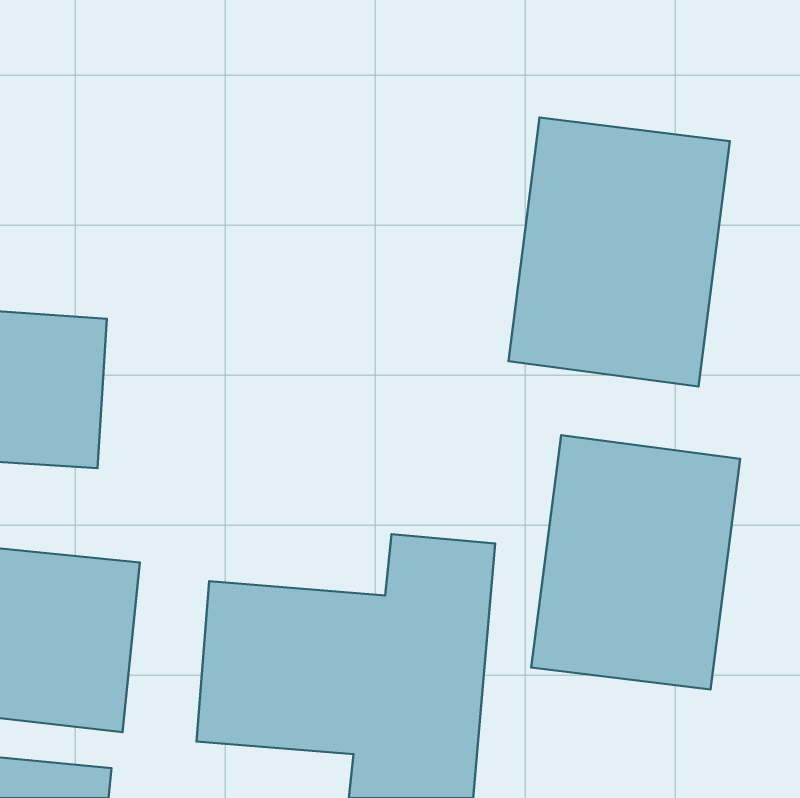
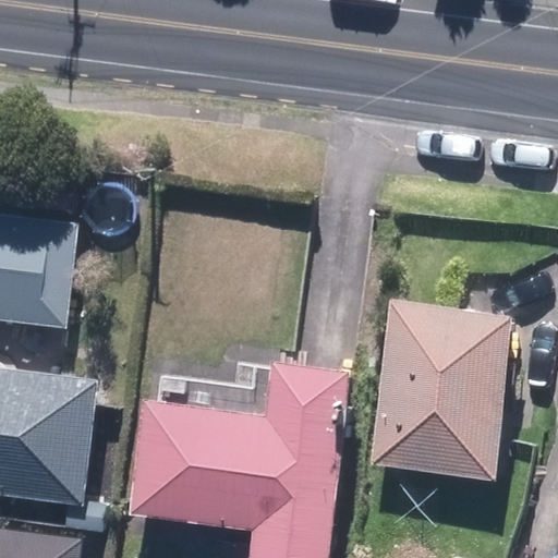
building: [508,117,730,387] -> none

